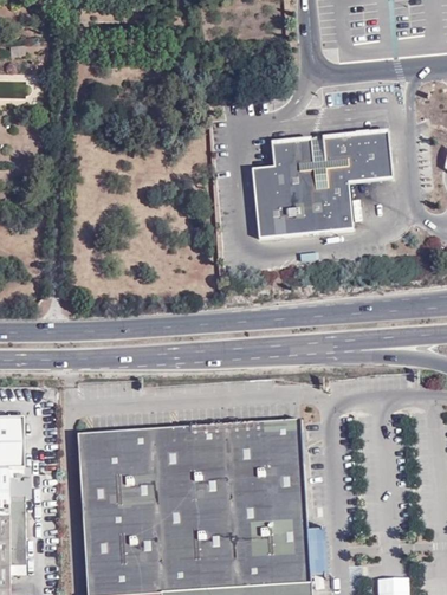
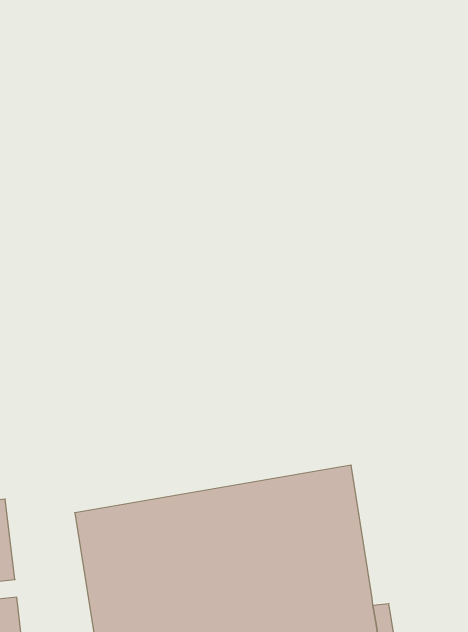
building: [252,131,393,238] -> none

